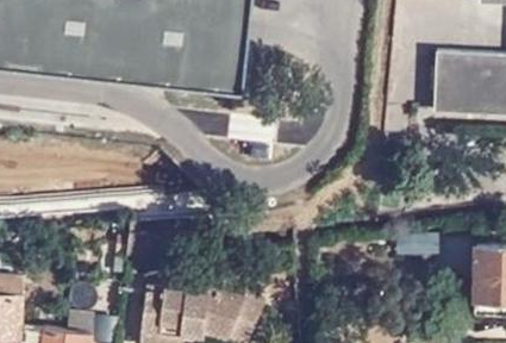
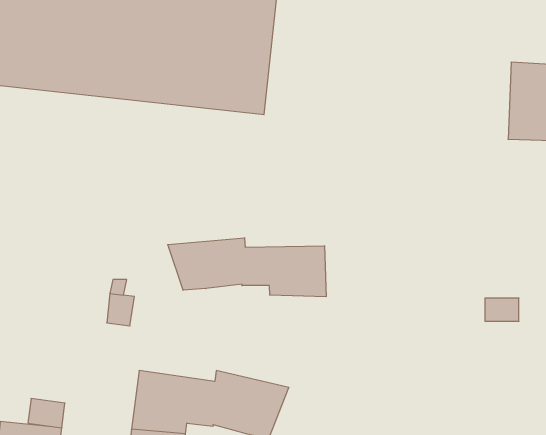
building: none -> [168,238,326,297]

